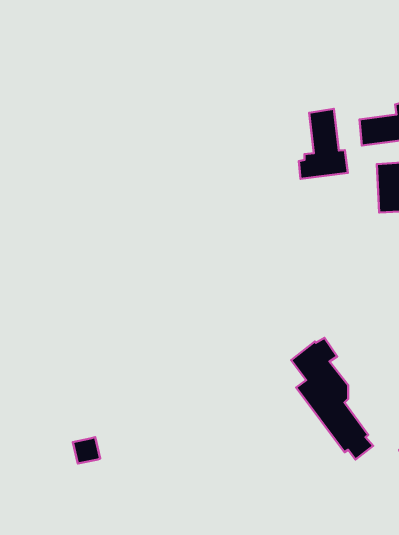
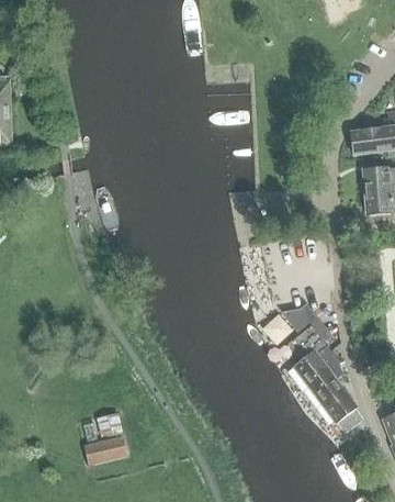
building: [299,109,348,179] -> none
building: none -> [82,435,126,465]

